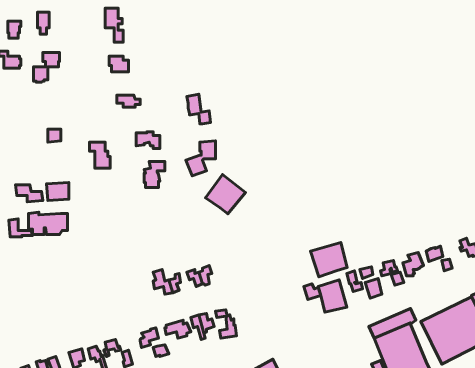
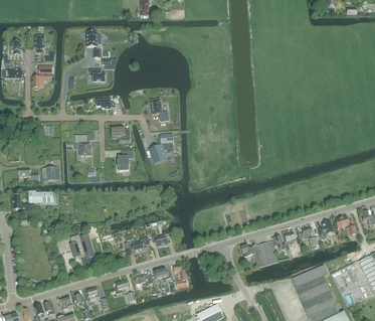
building: [206,175,245,214] -> none
building: [310,243,347,277] -> none
building: none -> [69,233,95,267]

